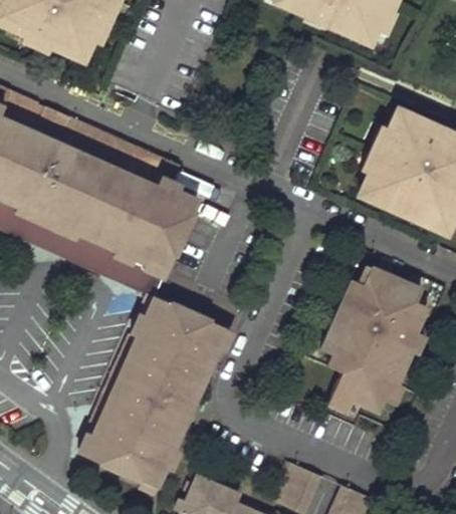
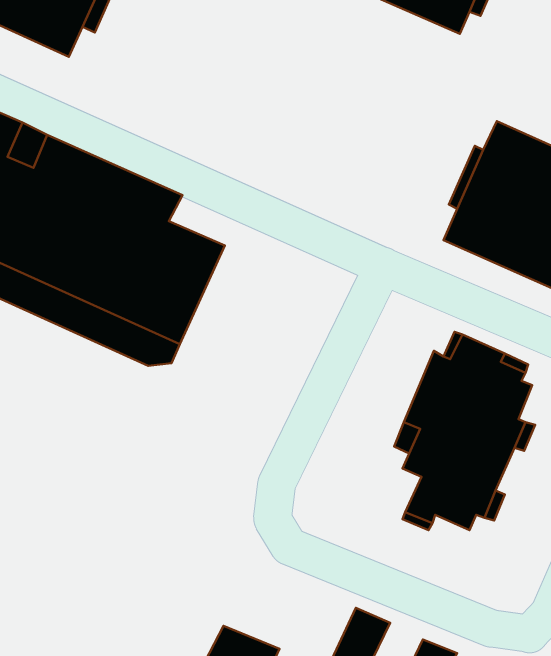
building: [86,298,228,487] -> none

